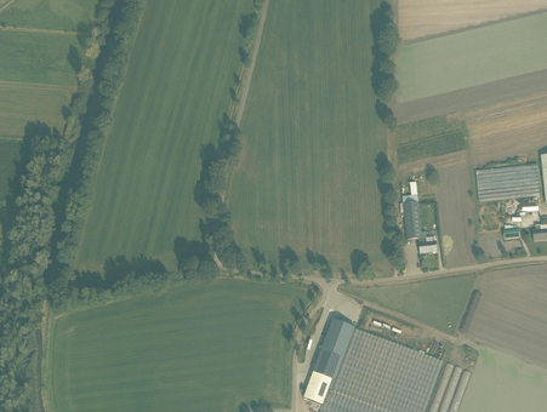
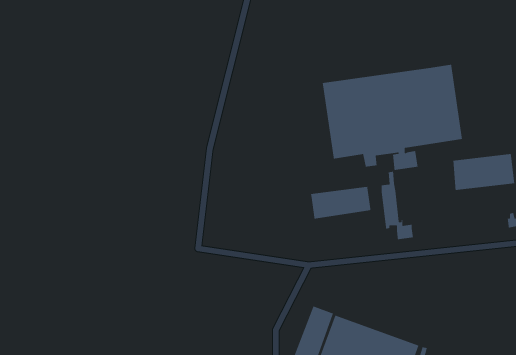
building: none -> [322,64,463,171]
building: none -> [310,185,372,219]

